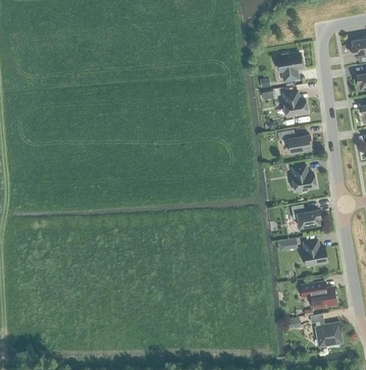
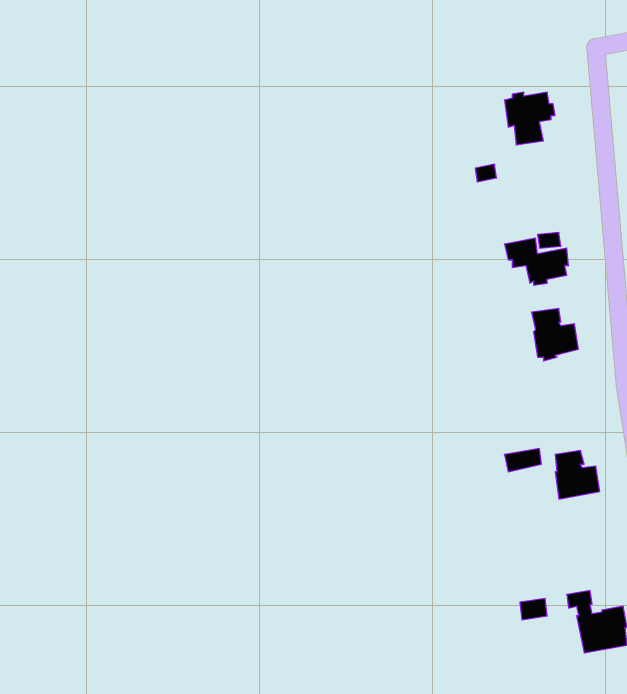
building: [283,91,308,117] -> none
building: [291,205,320,229] -> none
building: [300,281,336,309] -> none

